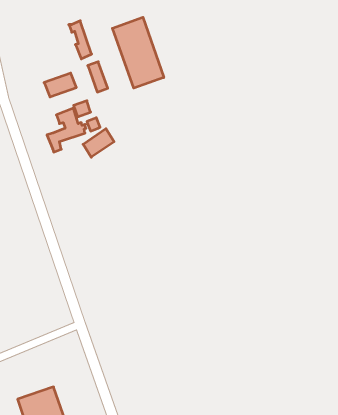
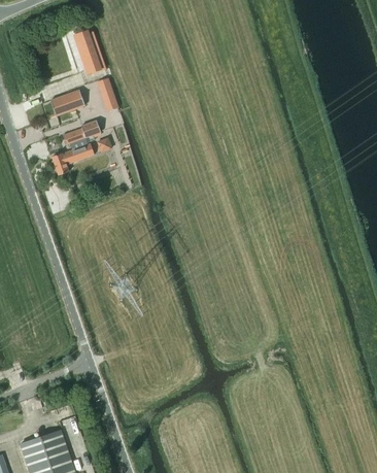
building: [112,17,164,88] -> none
building: [83,129,114,157] -> none

